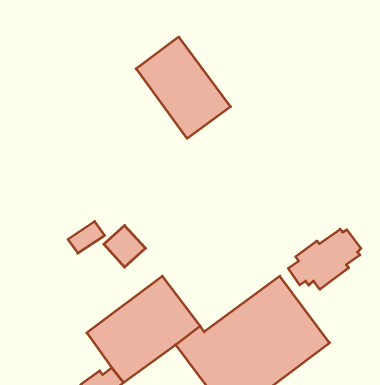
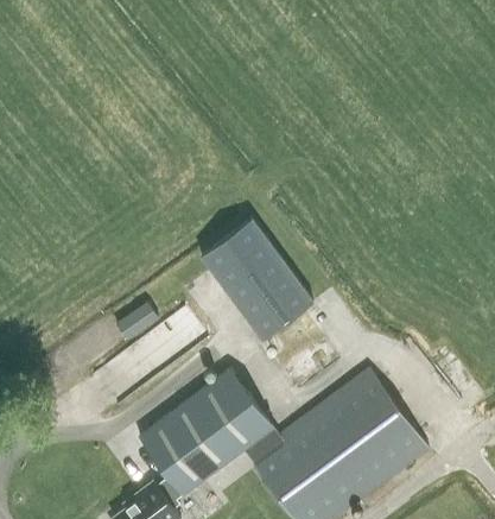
building: [136,37,231,138] -> [201,220,313,341]
building: [288,229,361,289] -> none

